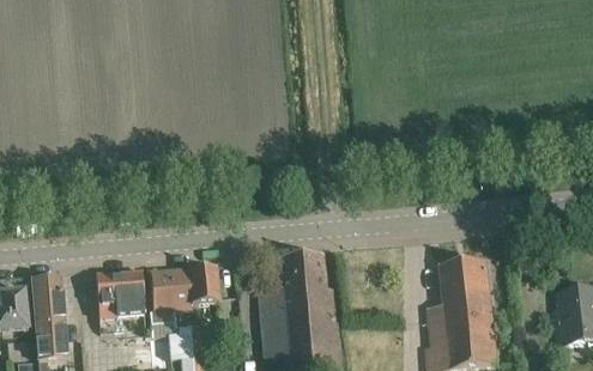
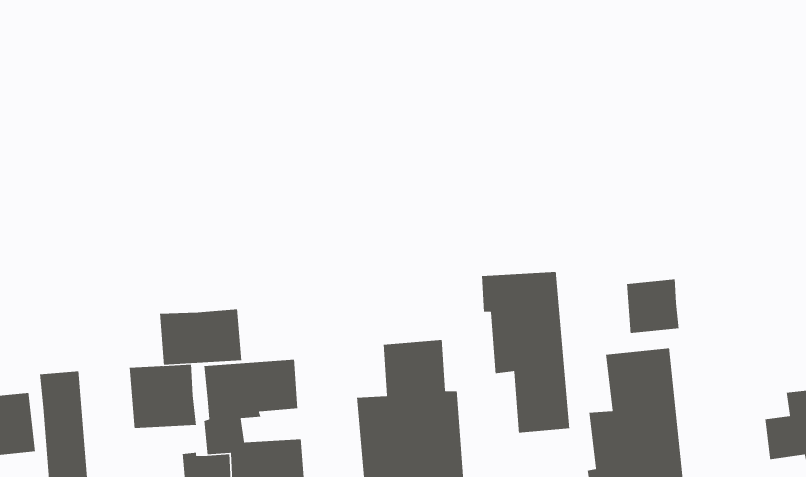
building: none -> [481,271,570,434]
building: none -> [626,278,679,334]
building: none -> [159,309,242,365]

